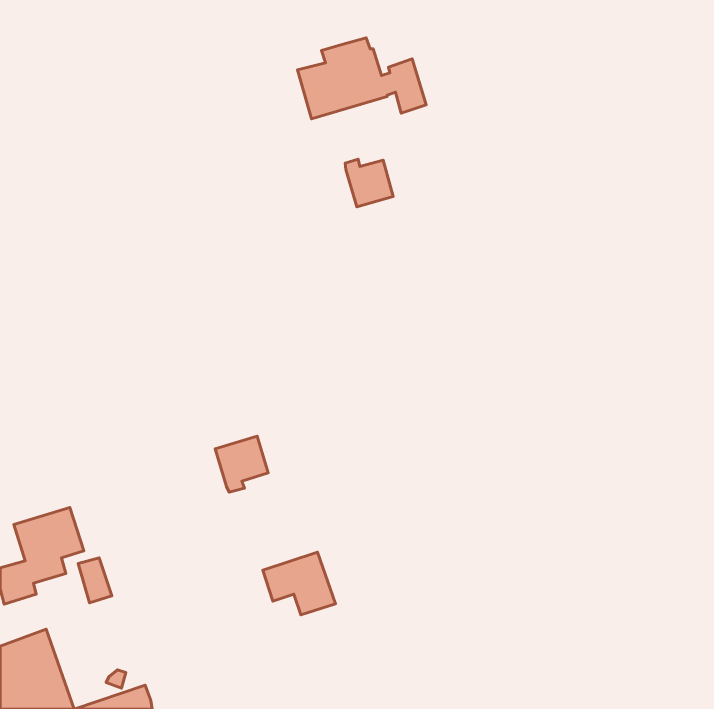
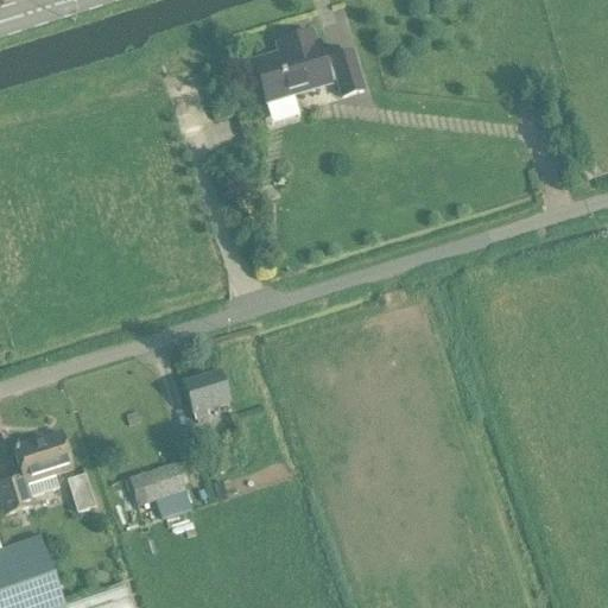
building: [345,159,393,207] -> none
building: [263,552,336,615] -> [128,463,190,517]

